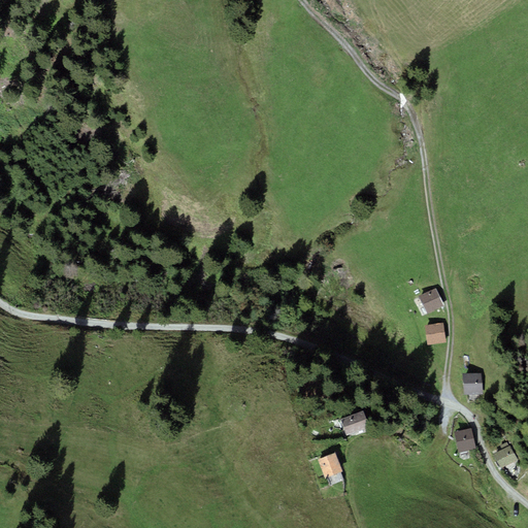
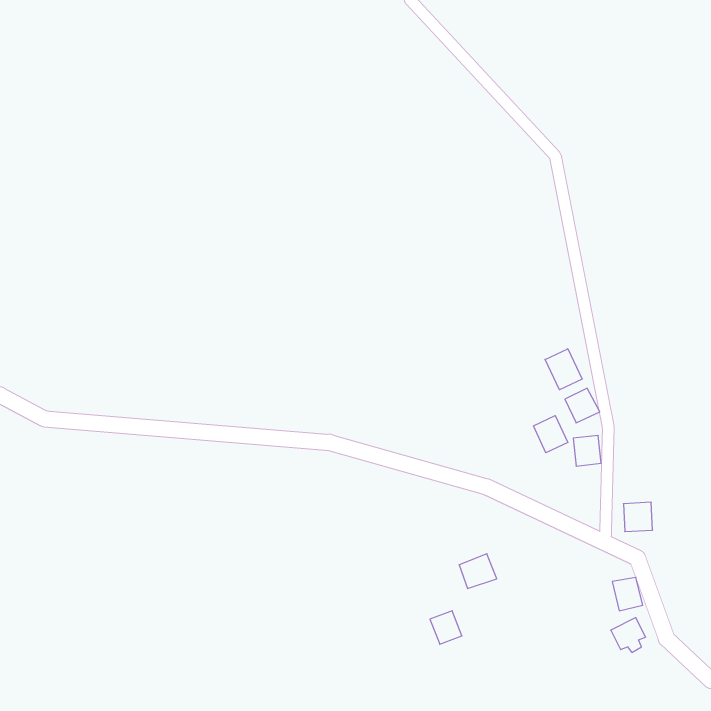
building: none -> [545,349,582,390]
building: none -> [533,416,568,453]
building: [493,444,519,470] -> [611,618,646,652]

